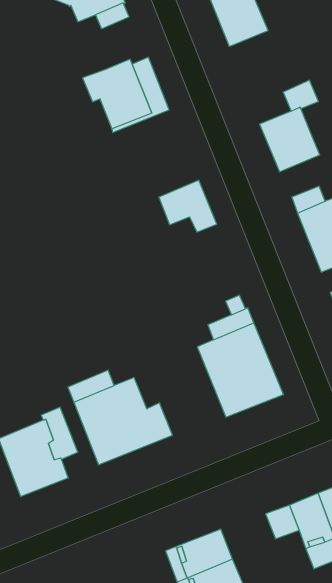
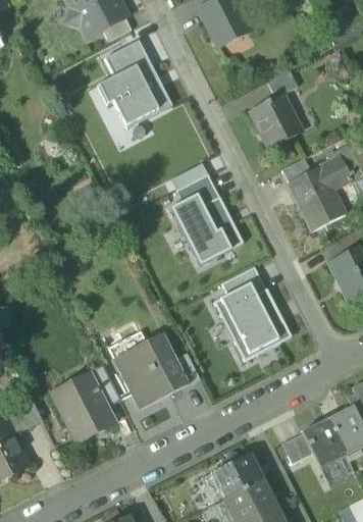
building: none -> [104,40,150,76]
building: none -> [169,194,244,265]

